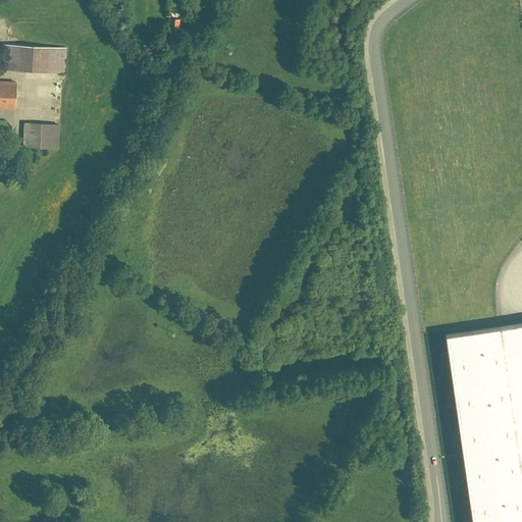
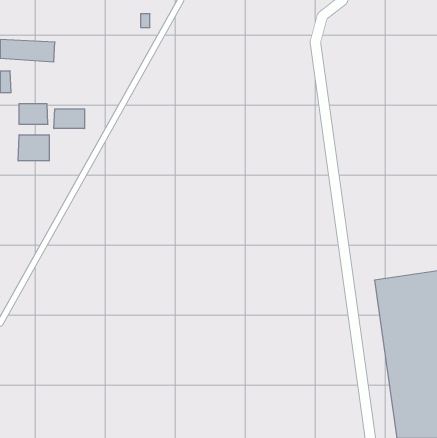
building: none -> [54,109,85,129]
building: none -> [18,135,49,161]

